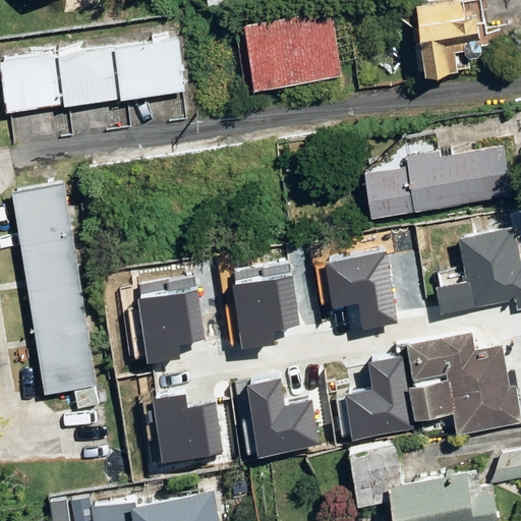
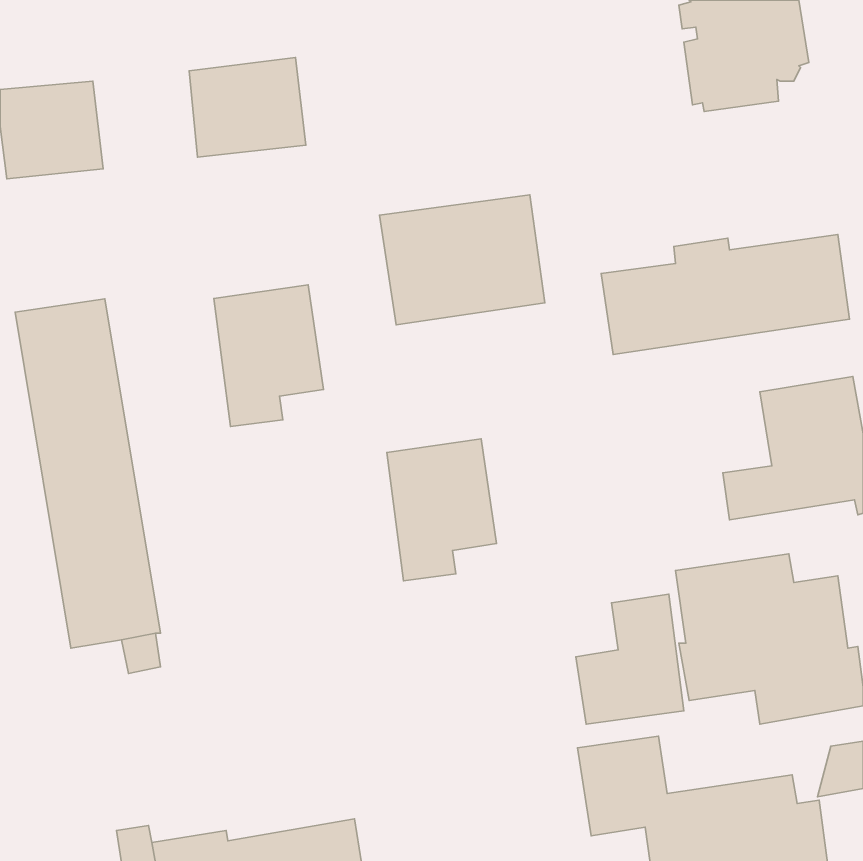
building: [241,8,341,86] -> [379,195,545,325]
building: [56,44,119,103] -> none
building: [328,256,398,330] -> none
building: [137,278,204,363] -> [214,285,323,427]
building: [248,380,317,455] -> none
building: [154,397,223,463] -> none

